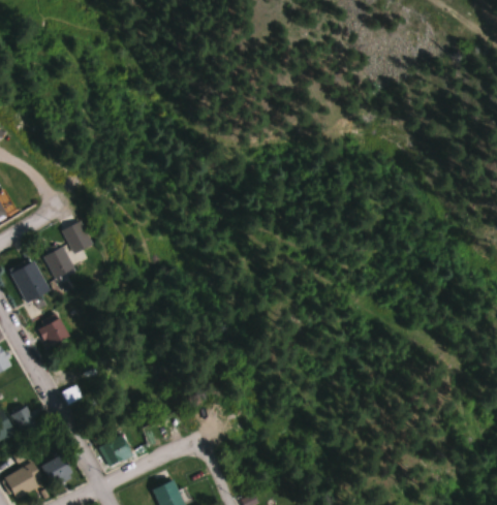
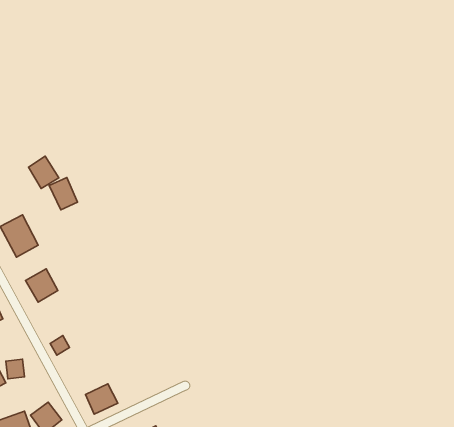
building: [43,244,75,278] -> [28,156,59,189]

